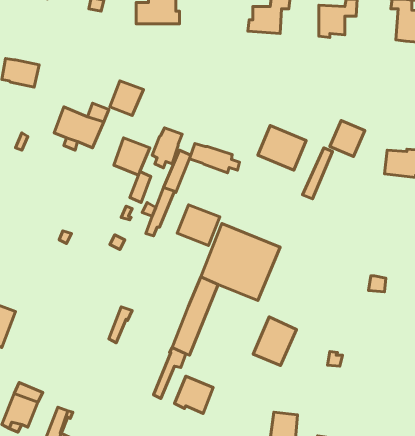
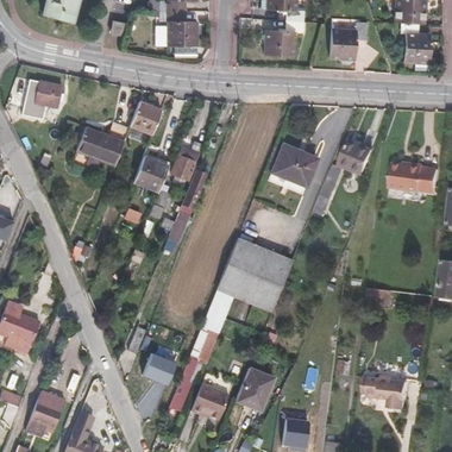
building: [189,144,240,173] -> none
building: [177,205,220,245] -> none
building: [253,317,297,365] -> [234,365,276,412]
building: none -> [143,352,175,384]
building: none -> [368,373,409,407]

